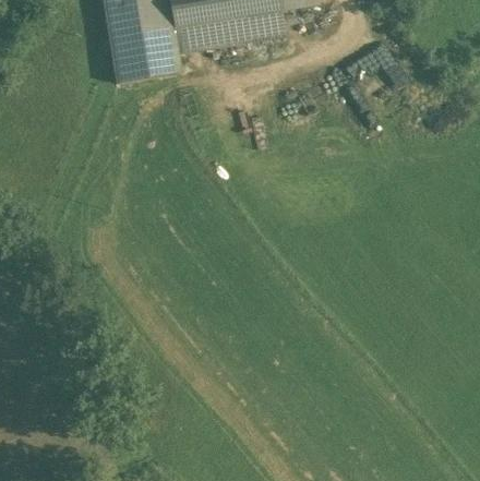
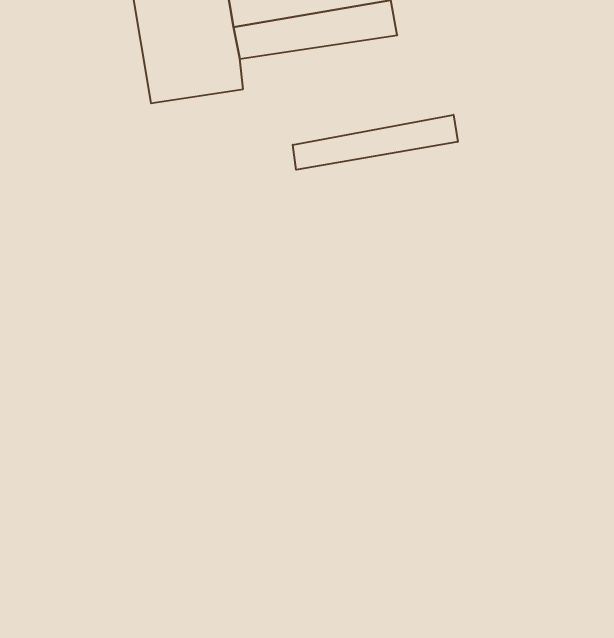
building: none -> [293,115,458,170]

